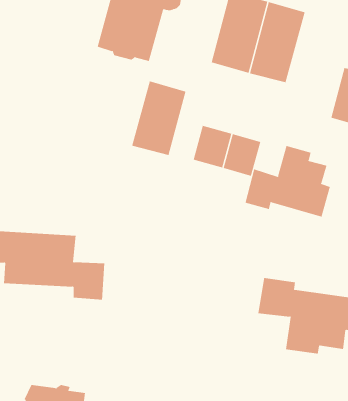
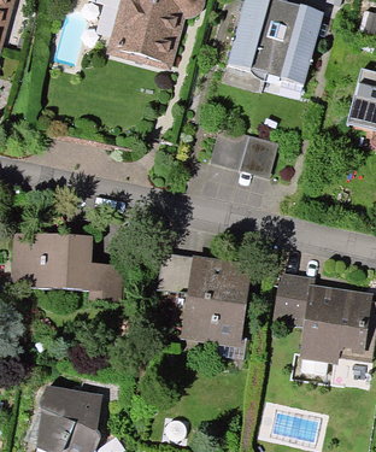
building: [131,81,186,156] -> none
building: [245,145,330,217] -> none
building: none -> [159,254,248,337]

